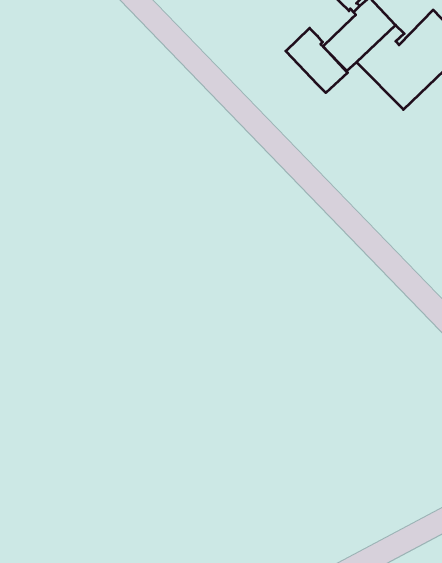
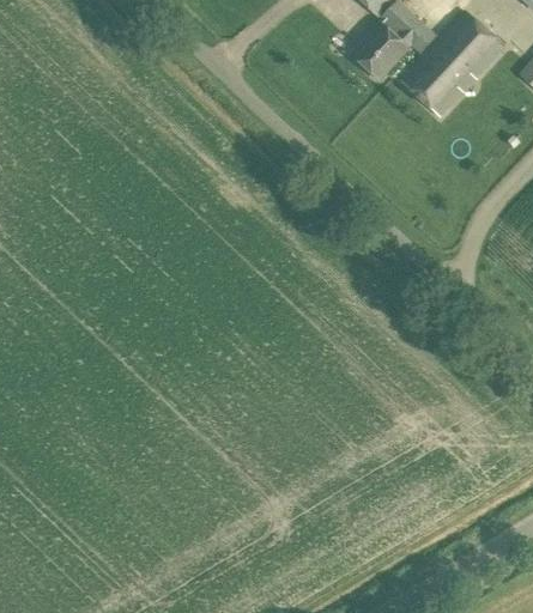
building: [286,28,348,93] -> none

